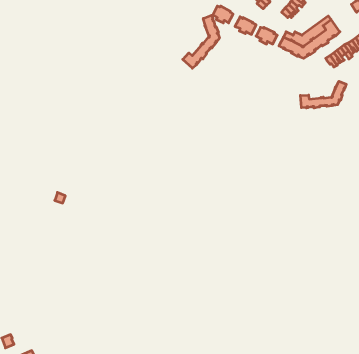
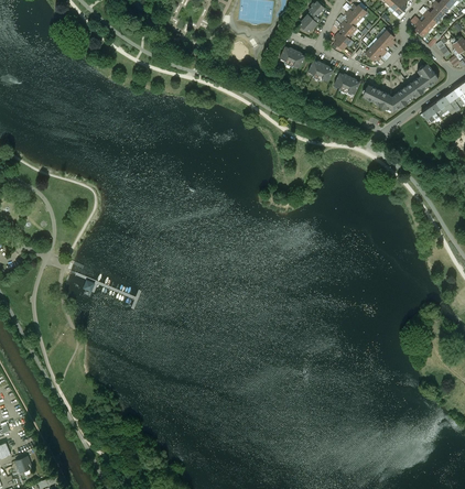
building: [183,15,219,68] -> none
building: [300,81,346,108] -> none

